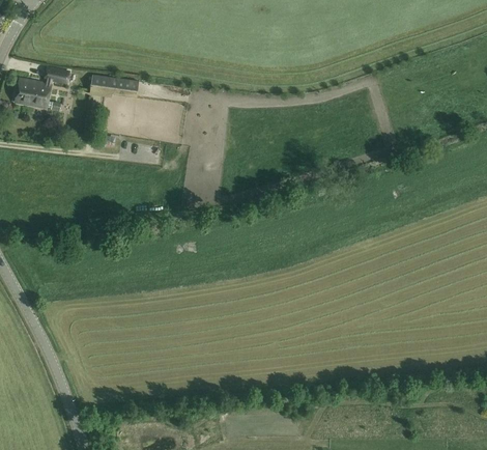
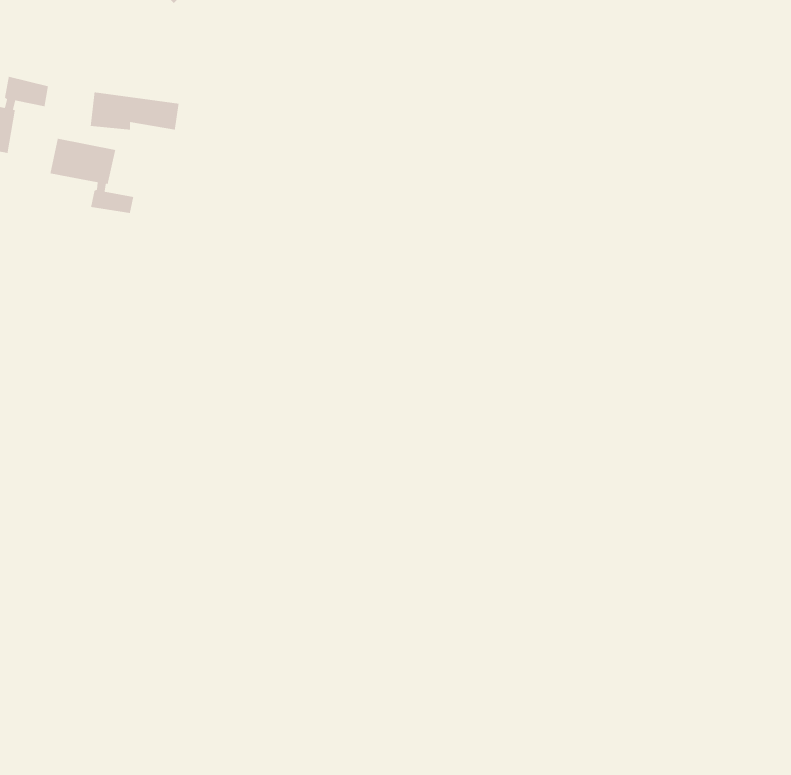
building: none -> [49,138,134,214]

